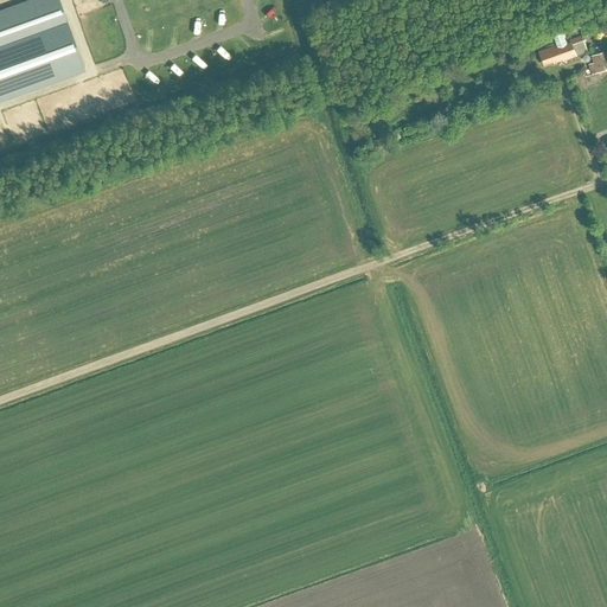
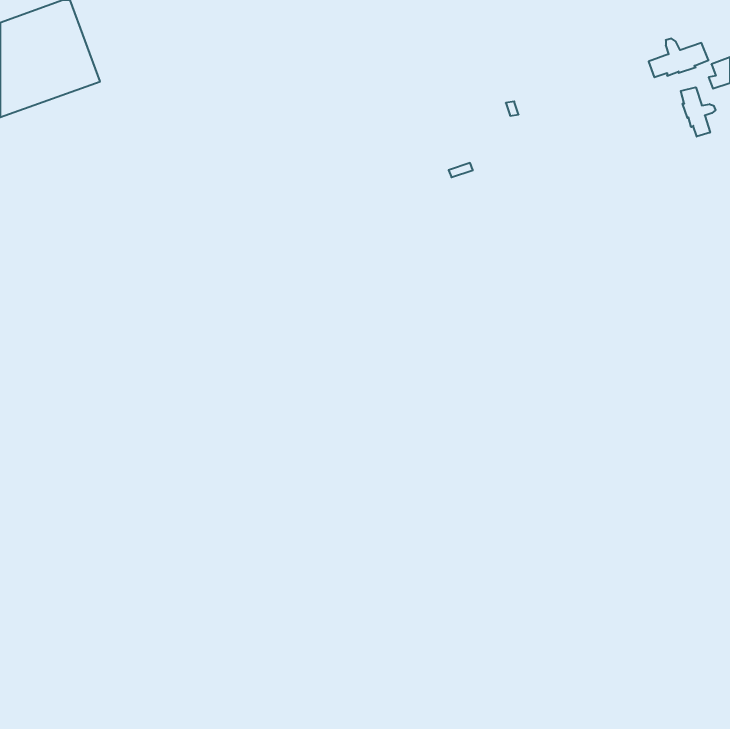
building: none -> [681,87,716,137]

